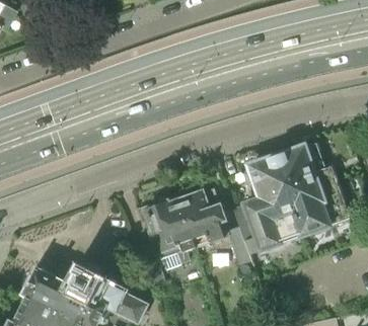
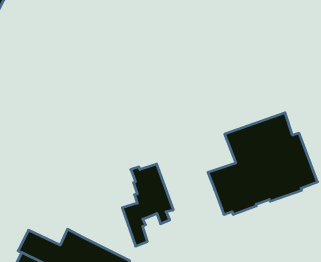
building: [176,188,252,265] -> none

